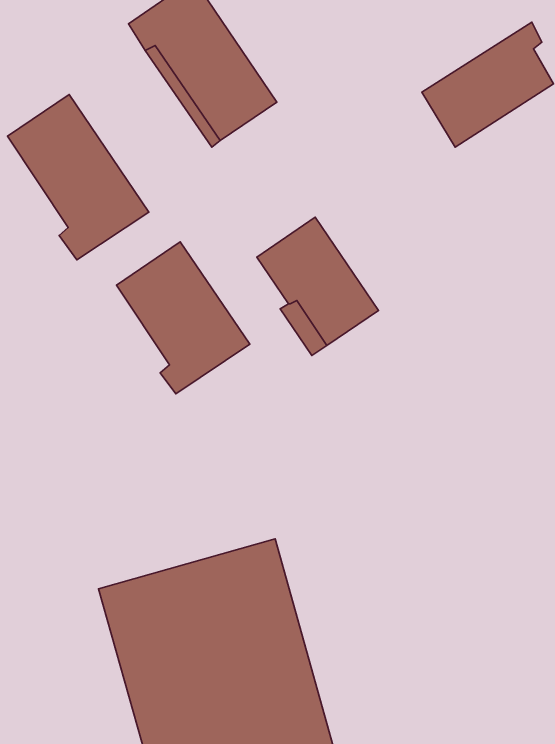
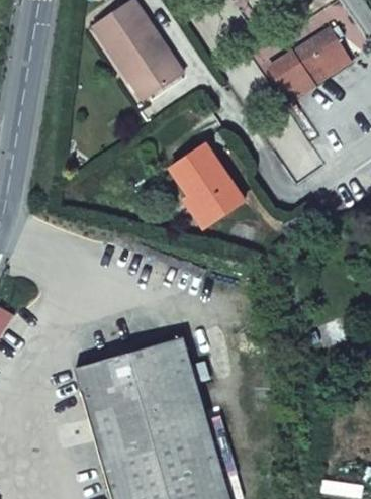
building: [7,94,149,260] -> none
building: [117,242,250,394] -> none

